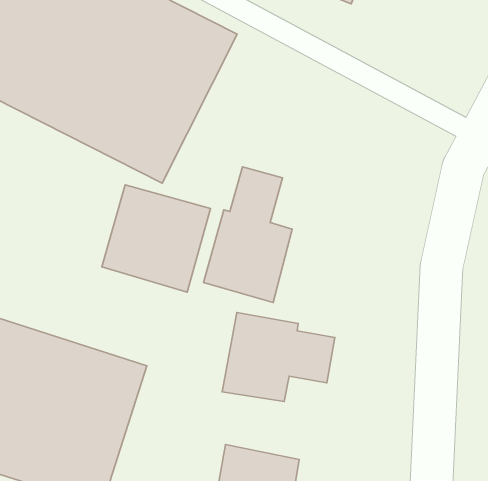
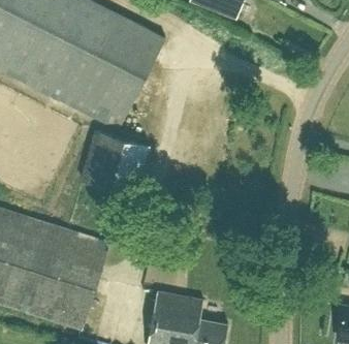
building: [203,167,292,302] -> none
building: [222,312,335,402] -> none

